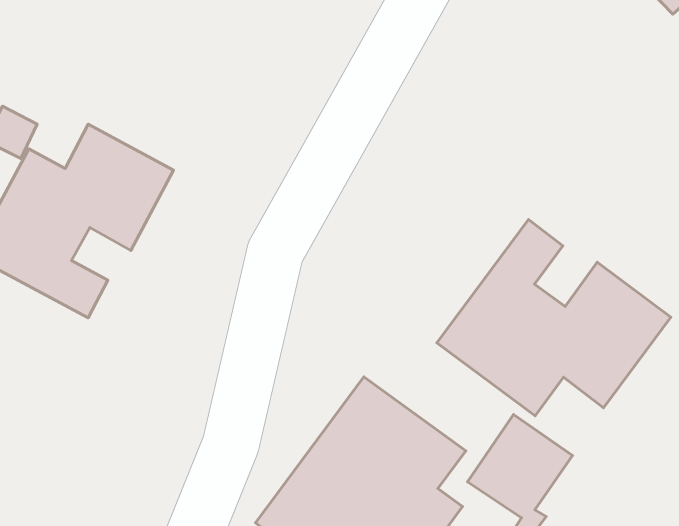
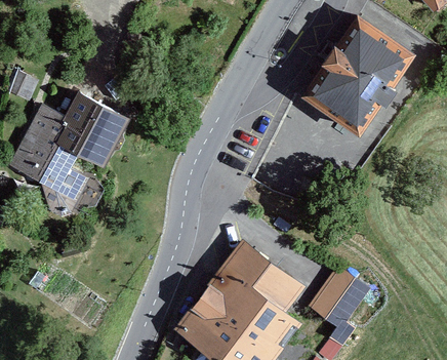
building: none -> [303,11,419,134]
building: [437,220,671,416] -> none

